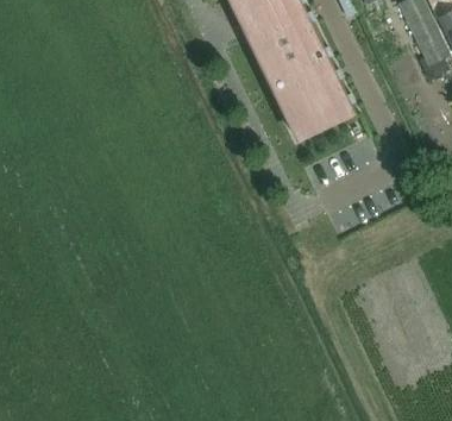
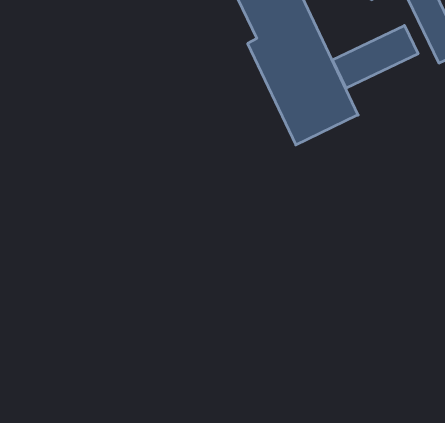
building: none -> [333,25,418,88]

